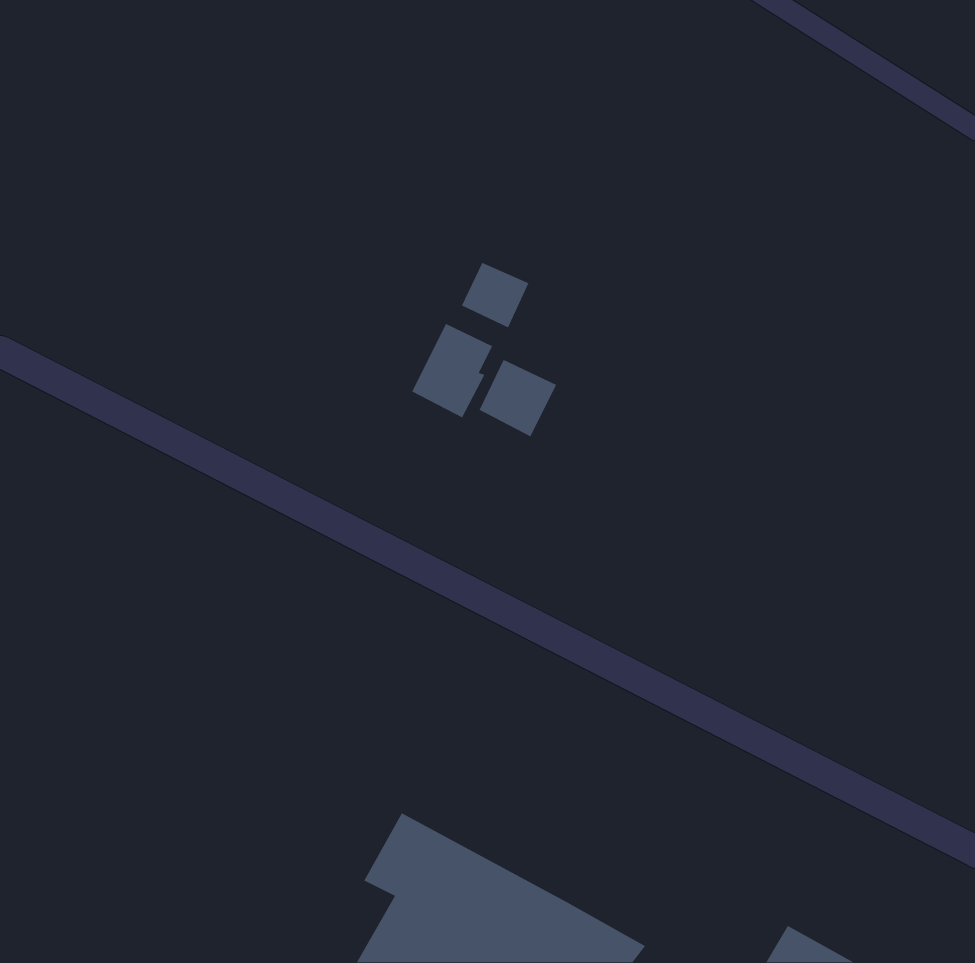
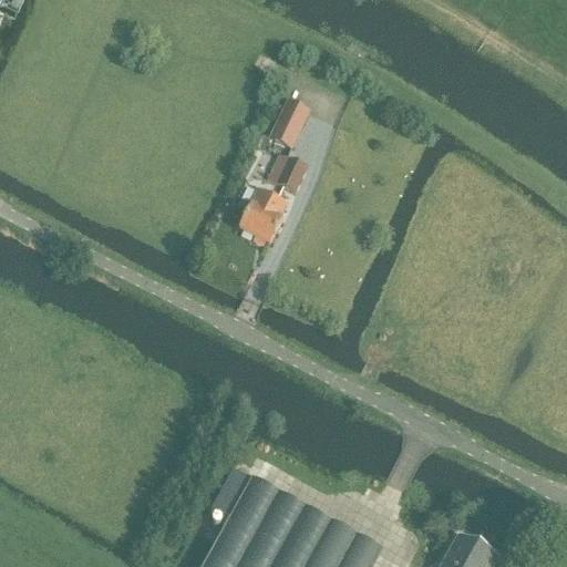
building: none -> [270,99,309,145]
building: [478,359,557,438] -> none

